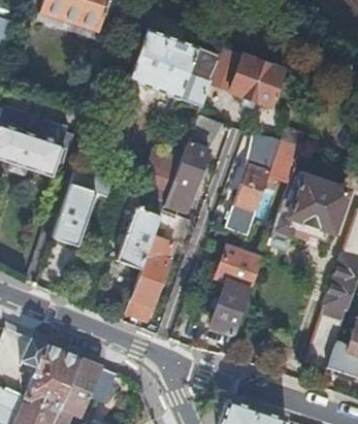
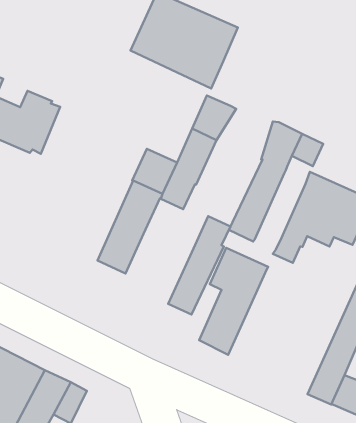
building: [209,47,284,107] -> none
building: [53,168,115,247] -> none
building: [126,236,173,321] -> [168,216,230,314]

